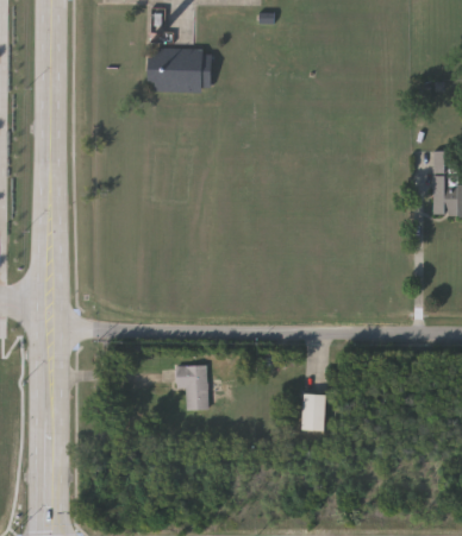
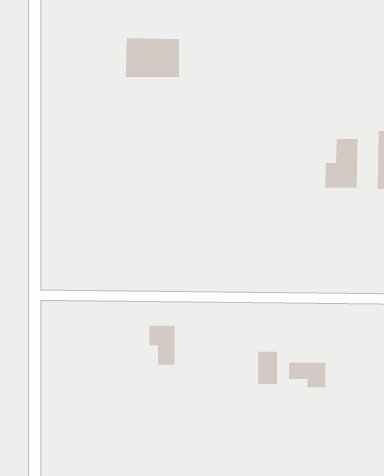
building: none -> [325,138,358,189]
building: none -> [289,362,326,388]

